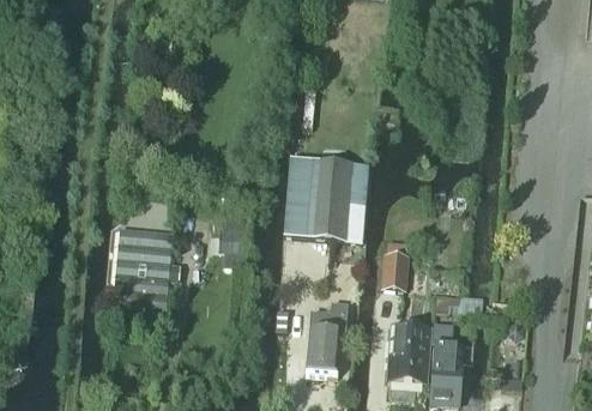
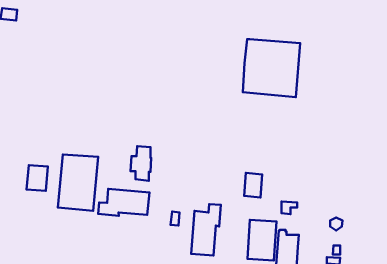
building: [284,156,367,240] -> [243,39,300,97]
building: none -> [26,165,48,191]
building: none -> [98,189,149,216]

